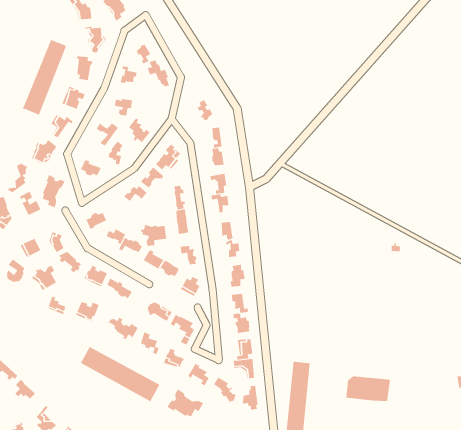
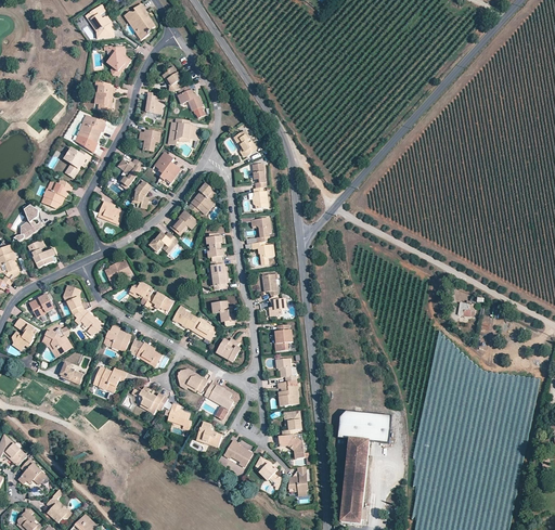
building: [22,39,67,115] -> none
building: none -> [168,118,195,144]
building: [42,174,65,208] -> none
building: [141,224,167,247] -> none
building: [80,346,160,403] -> none
building: [345,376,391,402] -> [337,411,390,441]
building: [167,388,204,417] -> none

